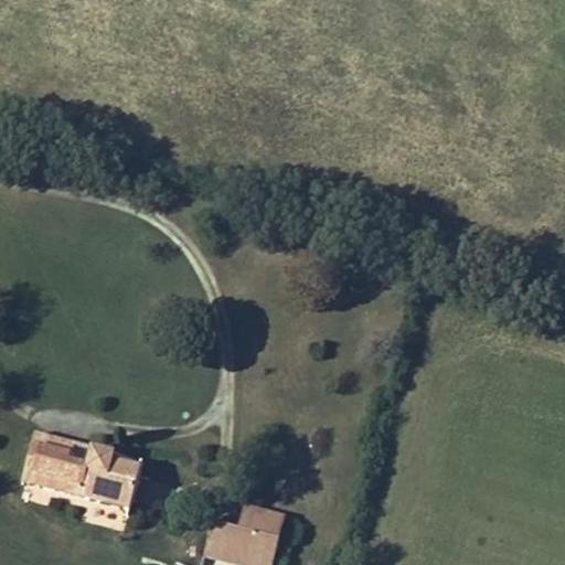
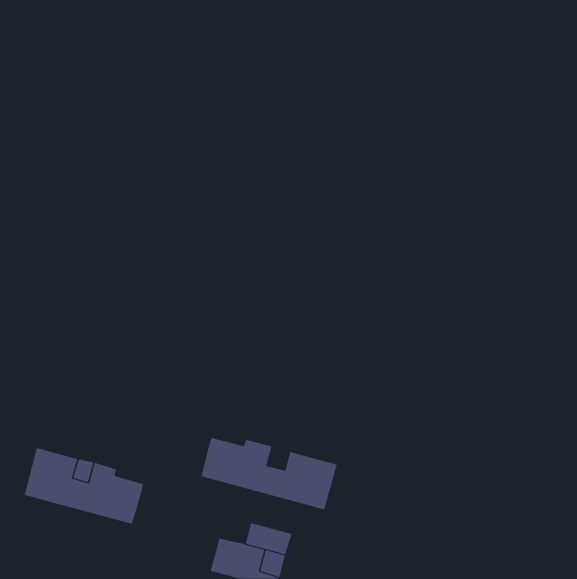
building: none -> [201,437,337,510]

